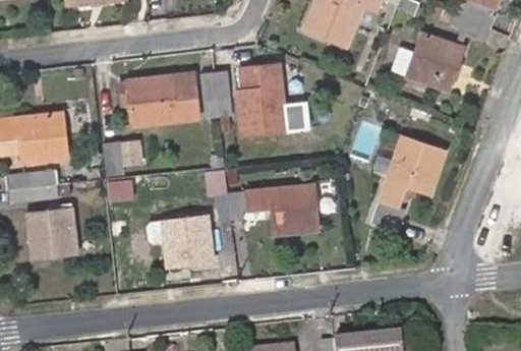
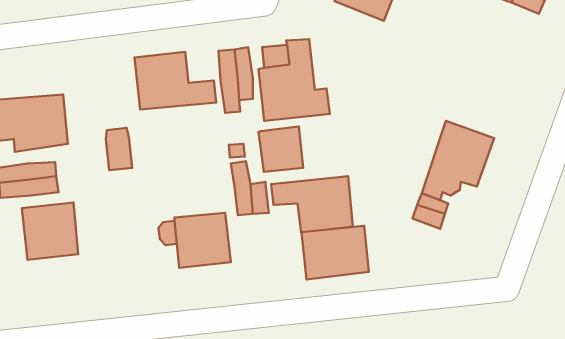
building: [391,33,465,91] -> none
building: none -> [259,127,303,172]
building: none -> [302,226,369,279]

